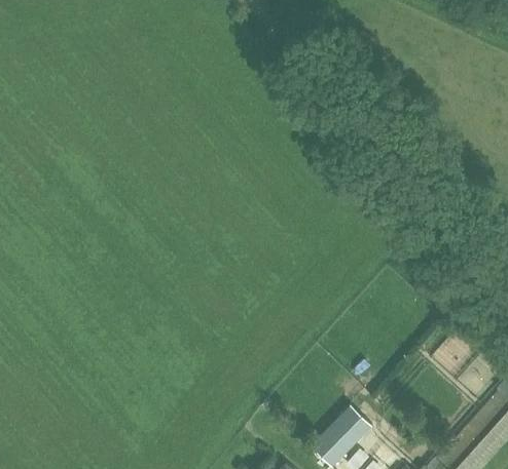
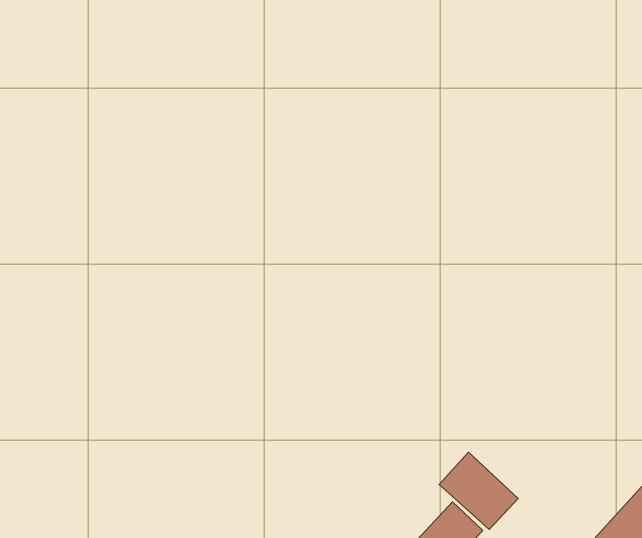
building: none -> [439,452,518,529]

